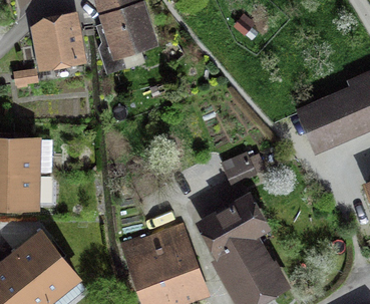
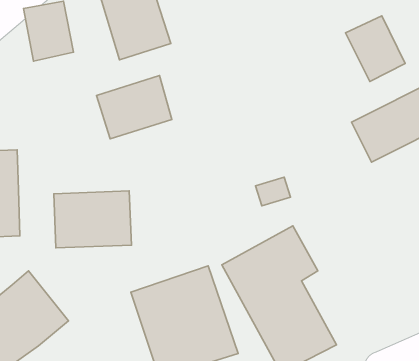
building: none -> [345,16,405,81]
building: none -> [96,76,172,139]
building: none -> [54,191,131,248]

